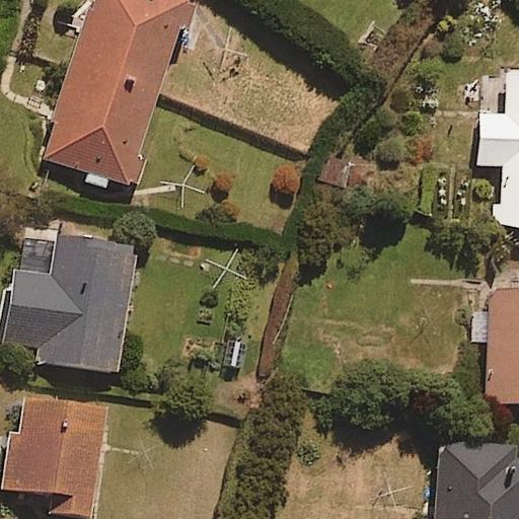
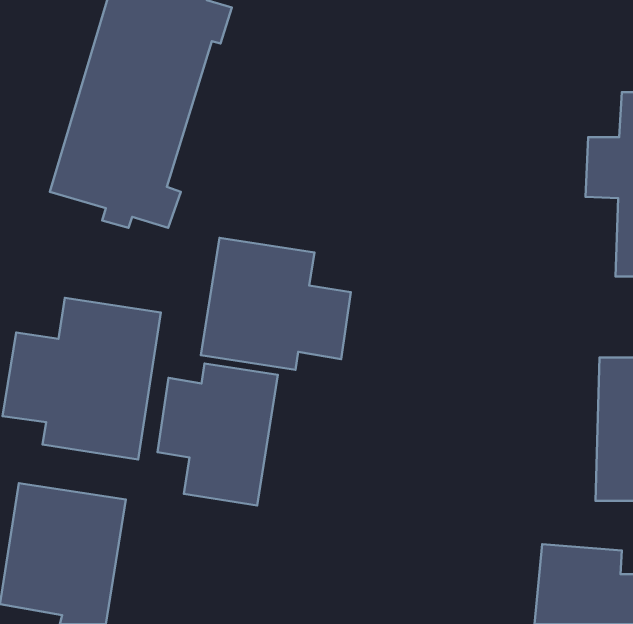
building: none -> [201,238,351,370]
building: none -> [157,363,278,505]

